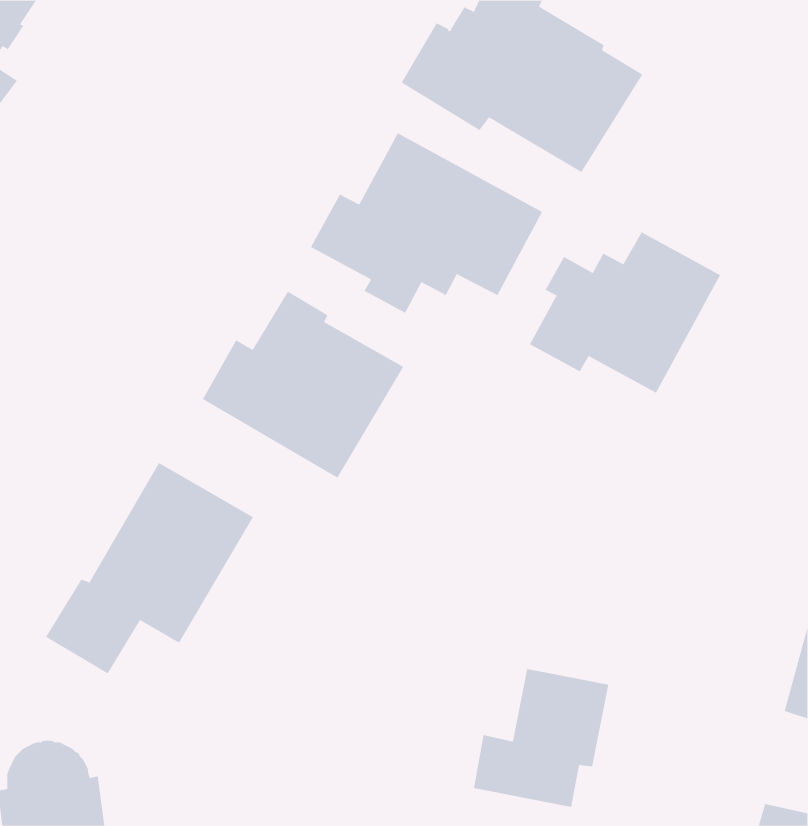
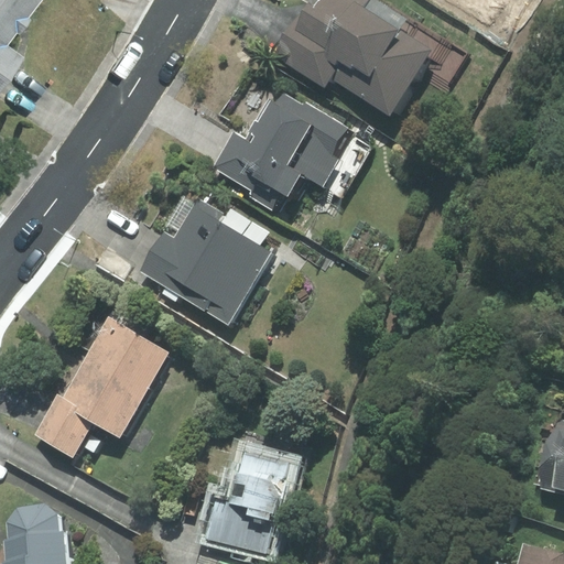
building: [529,231,721,394] -> none
building: [473,668,609,807] -> [205,454,297,549]

